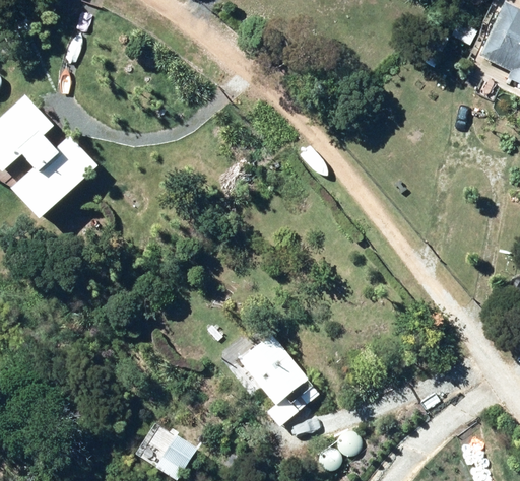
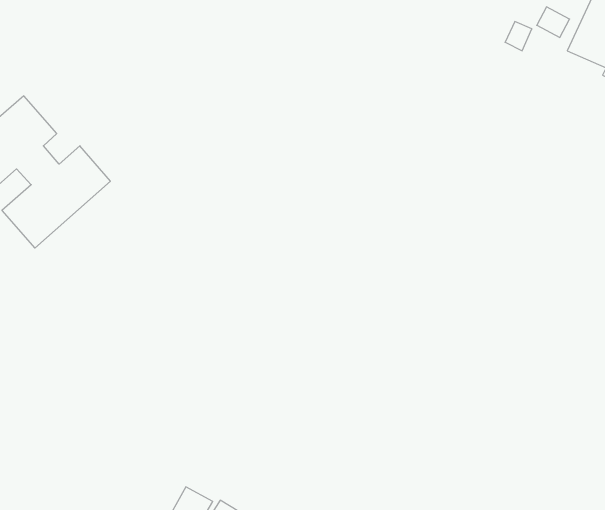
building: [239,334,320,406] -> none

